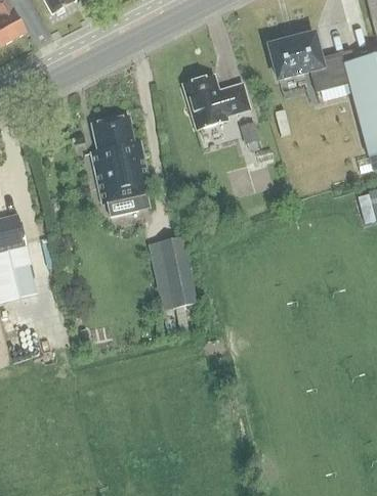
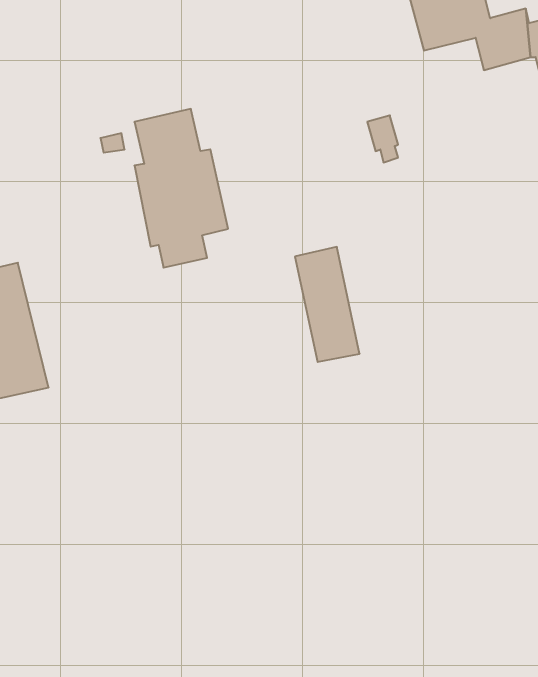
building: [182,75,249,129] -> none
building: [158,234,199,307] -> [295,247,360,362]

